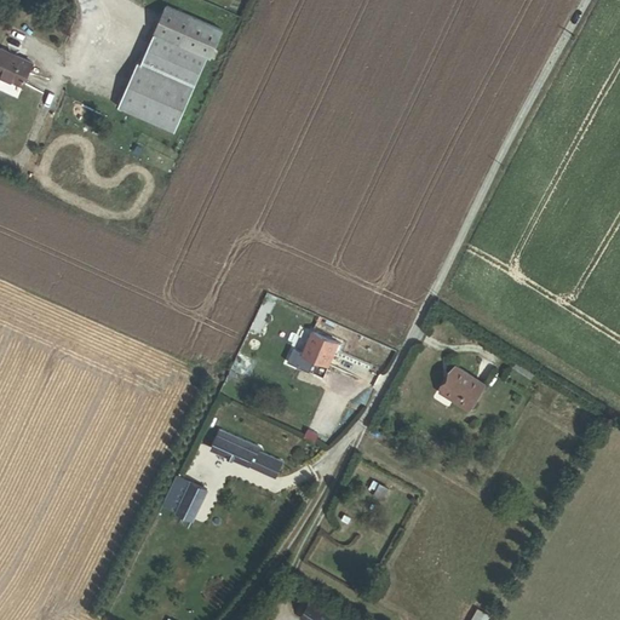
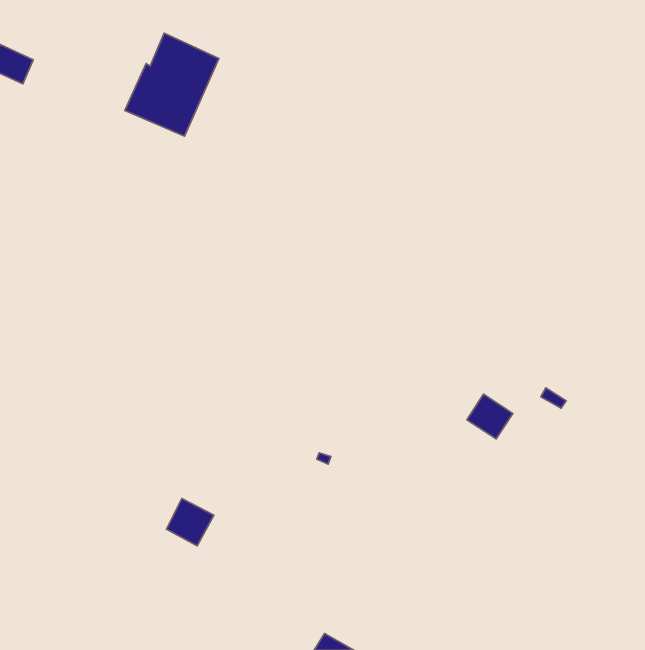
building: [156,6,220,56] -> none
building: [299,332,335,366] -> none
building: [208,430,279,477] -> none

